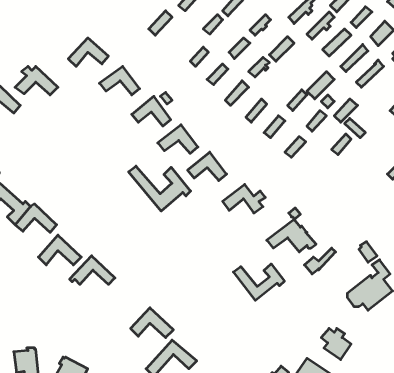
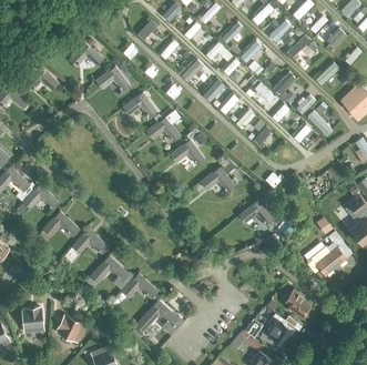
building: [129,166,191,211] -> none
building: [233,264,284,300] -> none
building: none -> [91,256,133,288]

